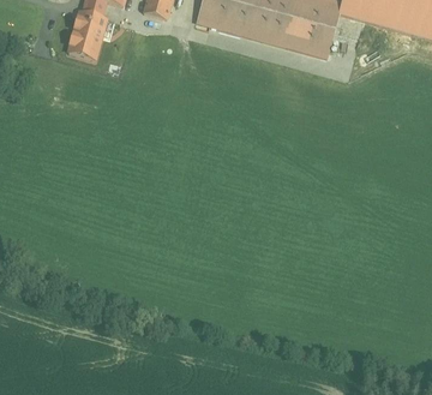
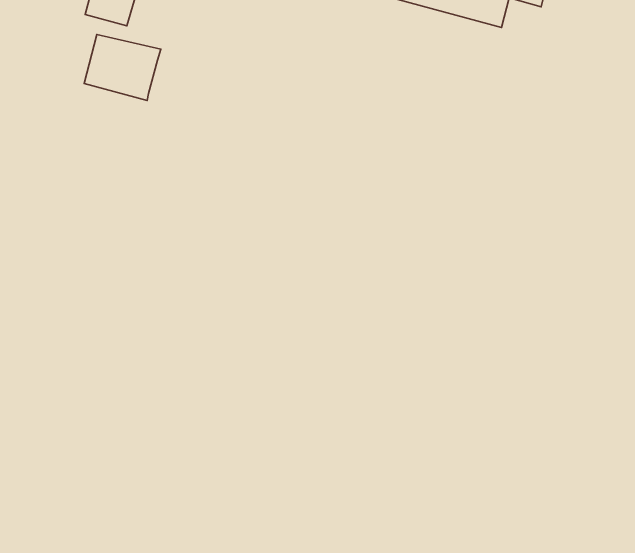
building: none -> [84,34,161,100]

